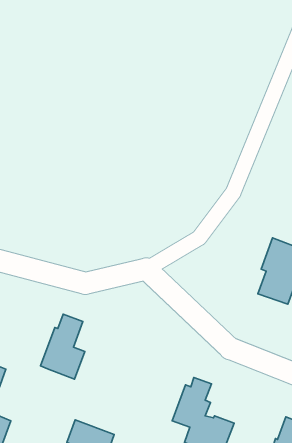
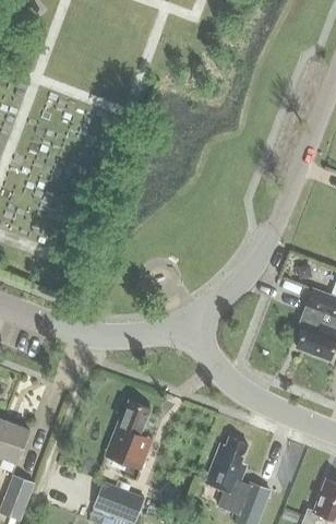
building: [40,314,85,379] -> [105,400,152,468]

